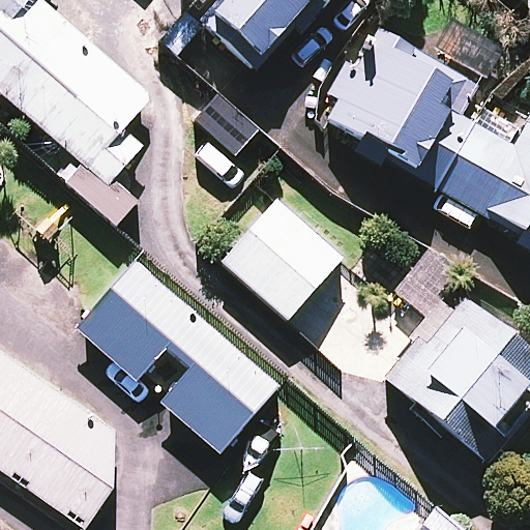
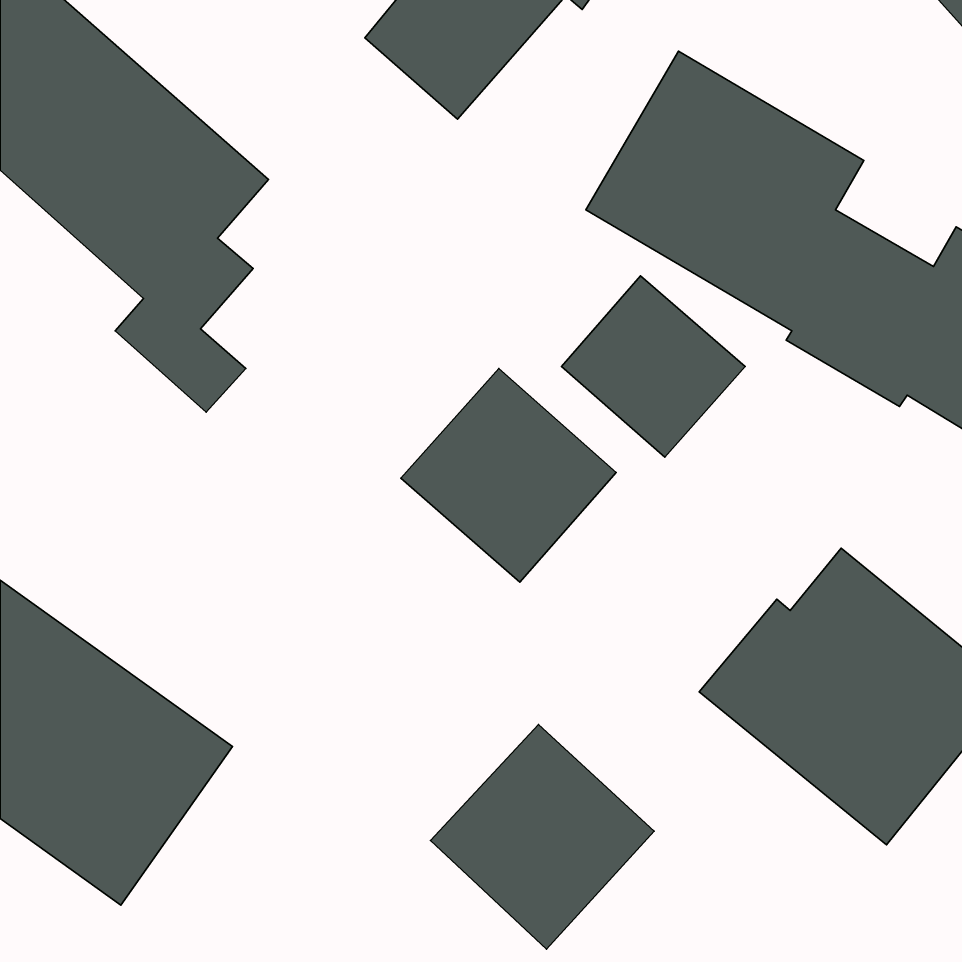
building: none -> [562,276,745,457]
building: [93,239,283,422] -> none
building: none -> [431,725,654,949]

